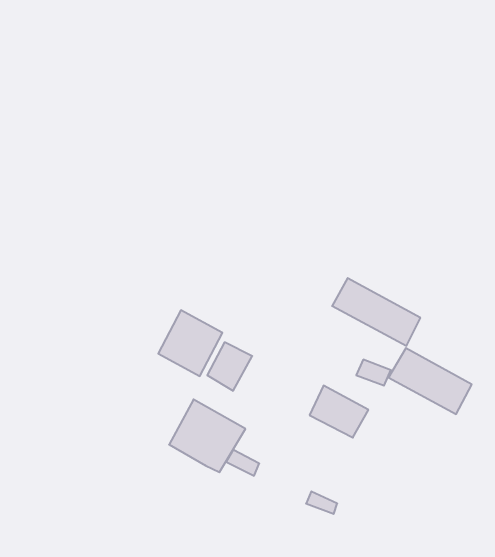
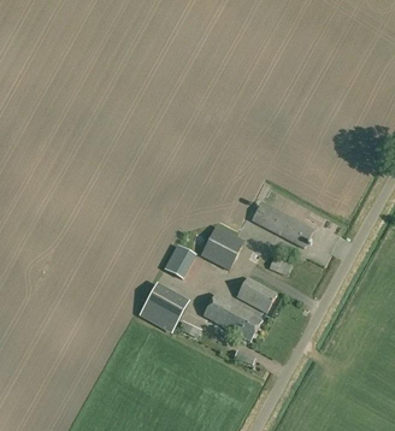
building: [158,310,222,376] -> [200,224,244,270]
building: [389,348,472,414] -> [204,294,261,340]

